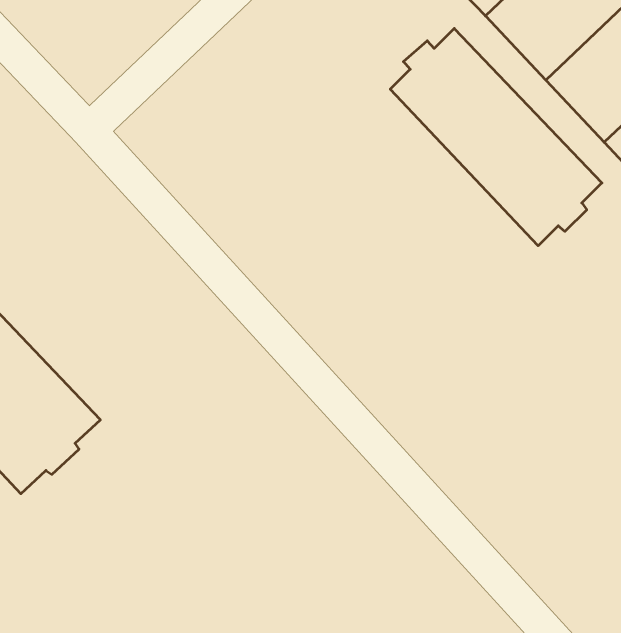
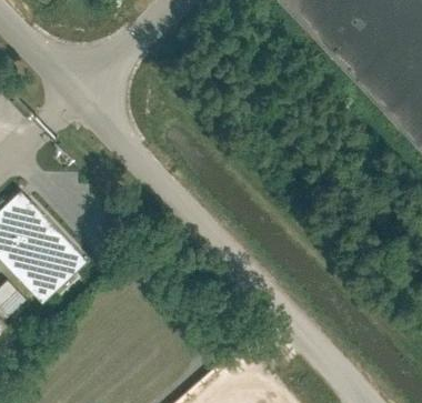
building: [390,28,602,246] -> none

